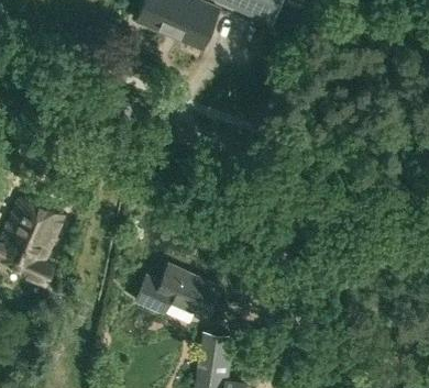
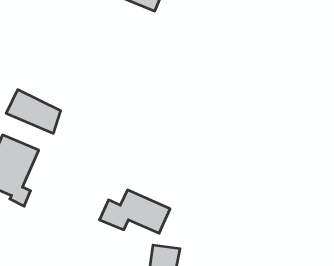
building: none -> [6,90,61,133]

